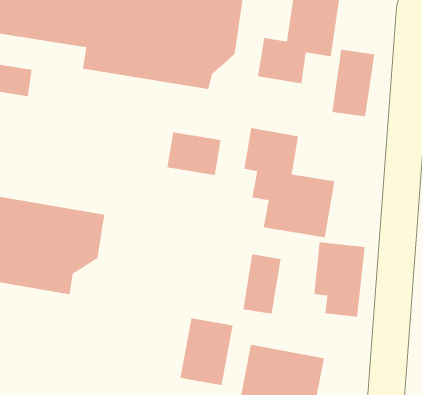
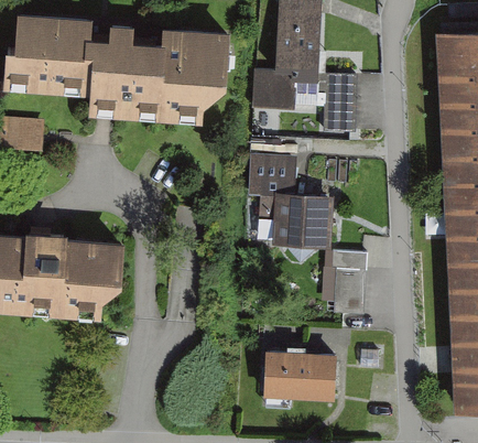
building: [167,131,221,176] -> none
building: [243,254,281,315] -> none
building: [180,317,233,386] -> none

